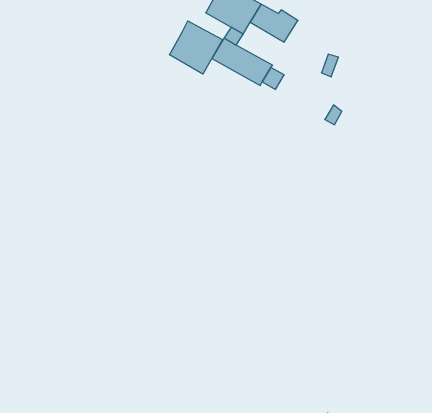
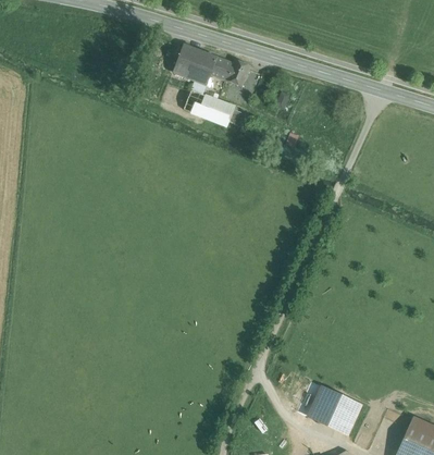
building: [169,21,222,74] -> none

